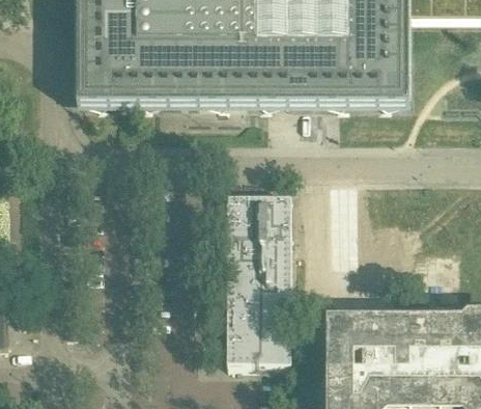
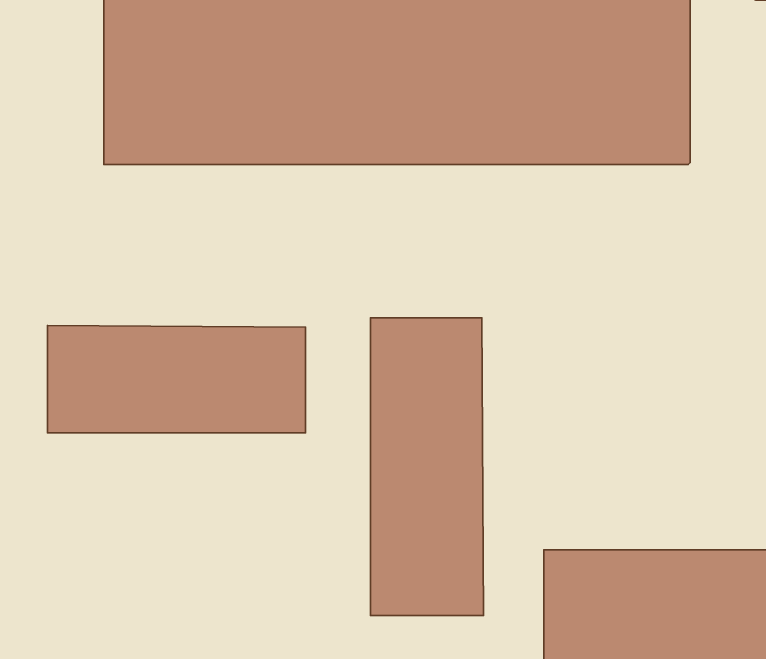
building: none -> [48,326,306,433]

